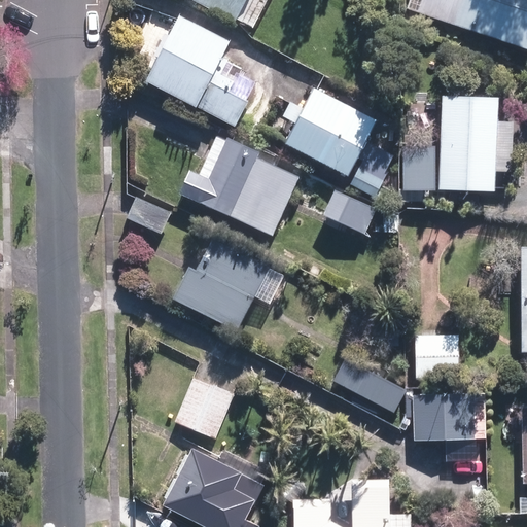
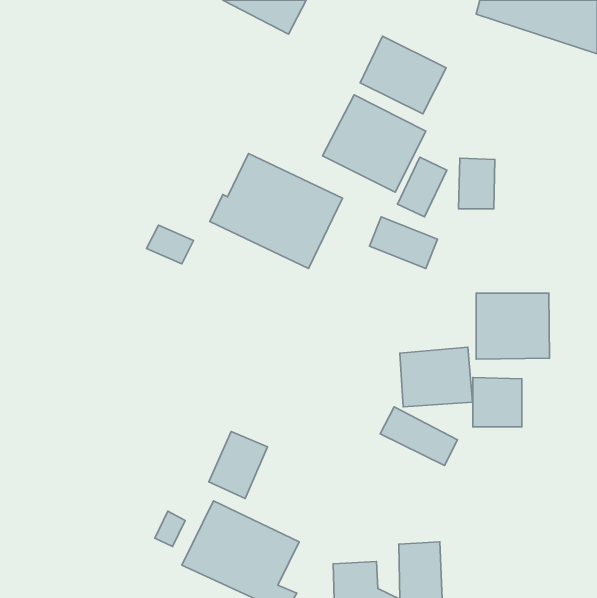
building: [148,19,255,125] -> none
building: none -> [360,36,446,114]
building: [440,98,495,191] -> none
building: [177,234,274,332] -> none
building: none -> [476,293,549,359]
building: [413,385,477,437] -> [400,347,472,407]

